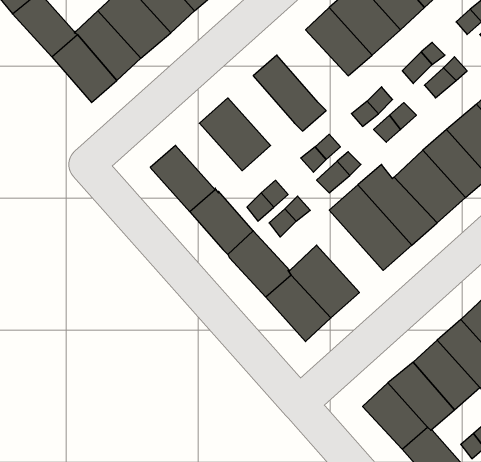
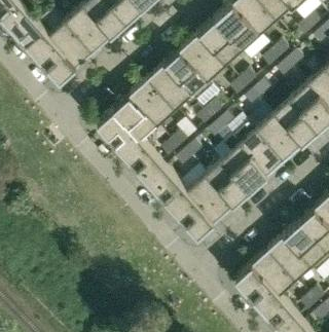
building: none -> [182,34,228,81]
building: none -> [150,64,193,109]
building: none -> [116,95,159,140]
building: none -> [208,151,251,205]

